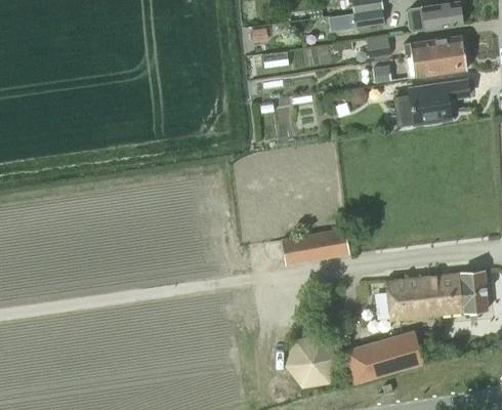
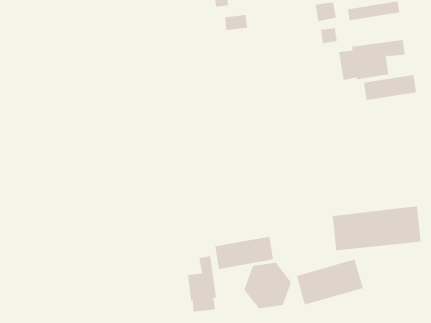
building: [406,48,467,78] -> [363,75,417,100]
building: [282,228,349,265] -> [215,236,274,269]
building: none -> [188,256,216,312]

